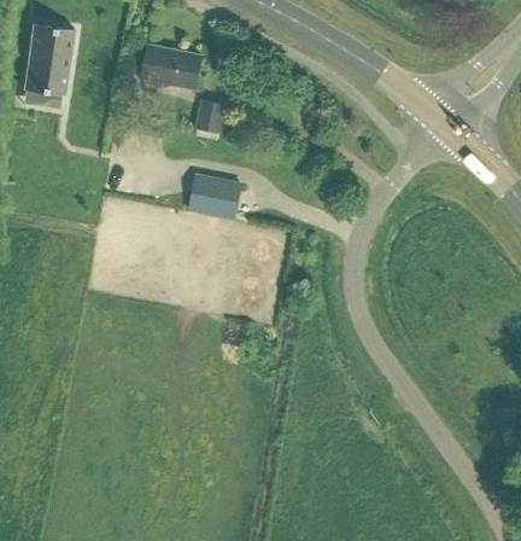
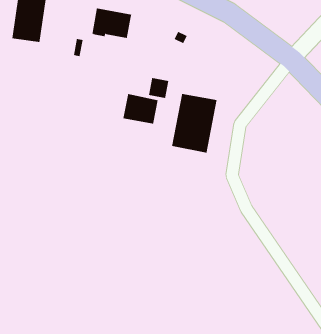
building: [197,101,228,133] -> [148,78,169,98]
building: none -> [172,93,217,153]

